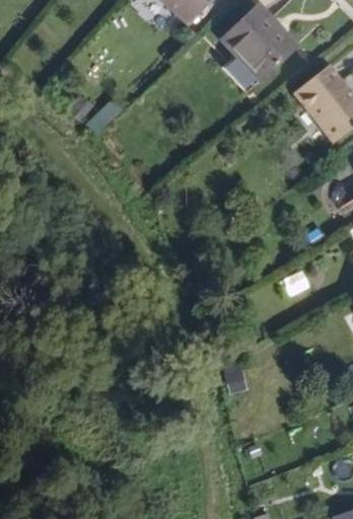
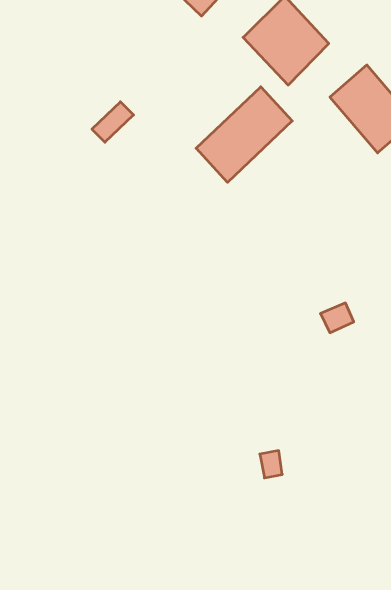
building: none -> [196,87,292,182]

